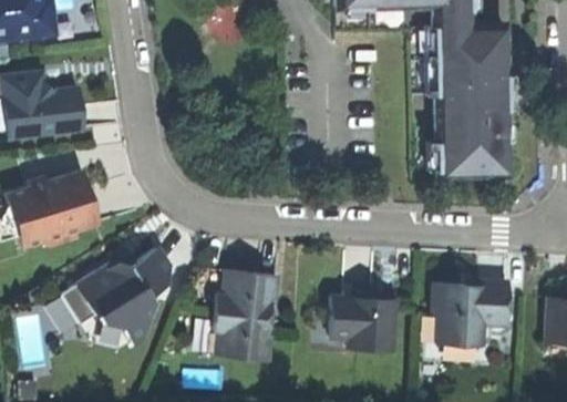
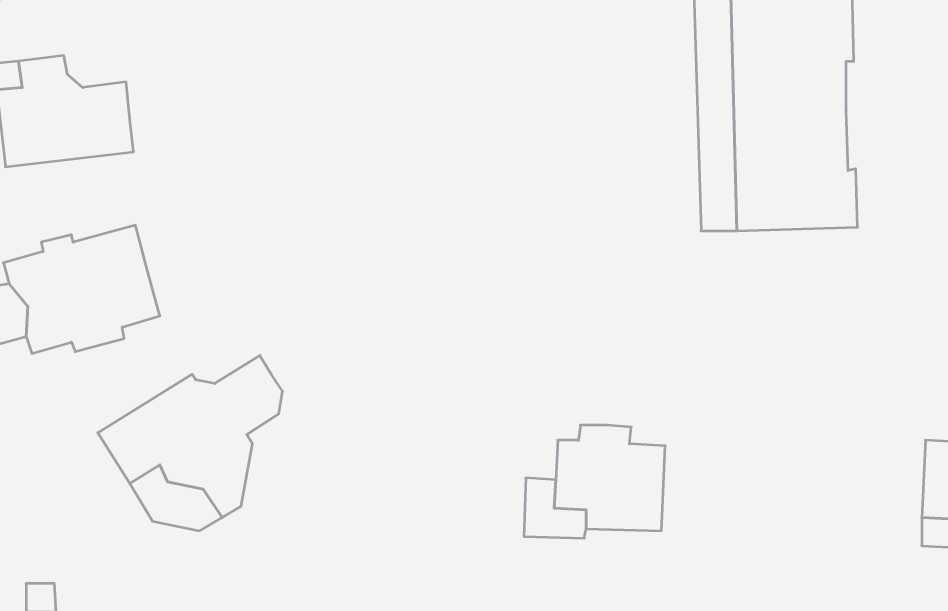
building: [215,269,280,359] -> none
building: [434,280,511,344] -> none

